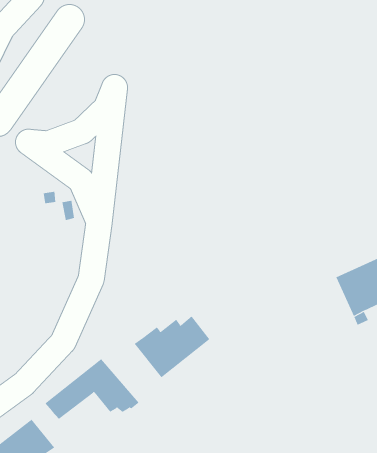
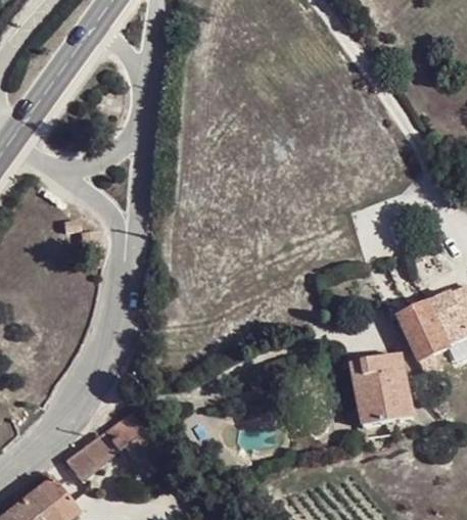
building: none -> [349,354,412,425]
building: [134,316,210,378] -> none

